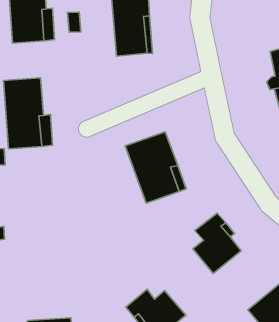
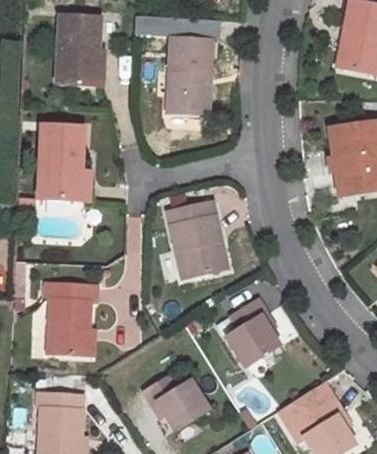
building: none -> [42,281,95,354]

